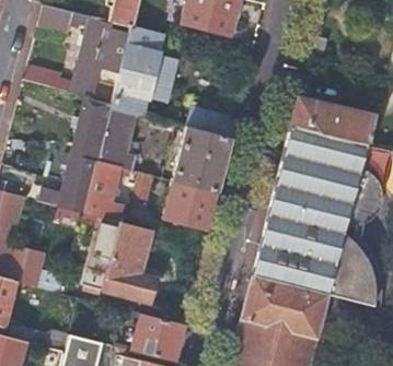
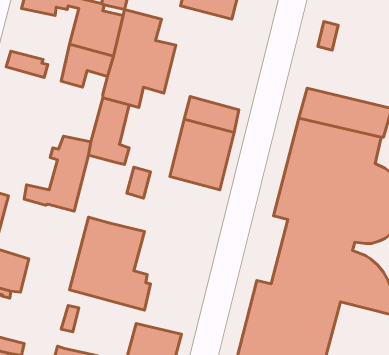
building: [76,98,112,149] -> none
building: [84,161,124,223] -> none
building: [163,180,219,231] -> none

